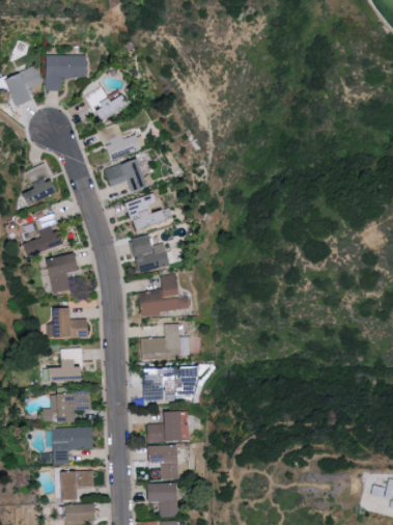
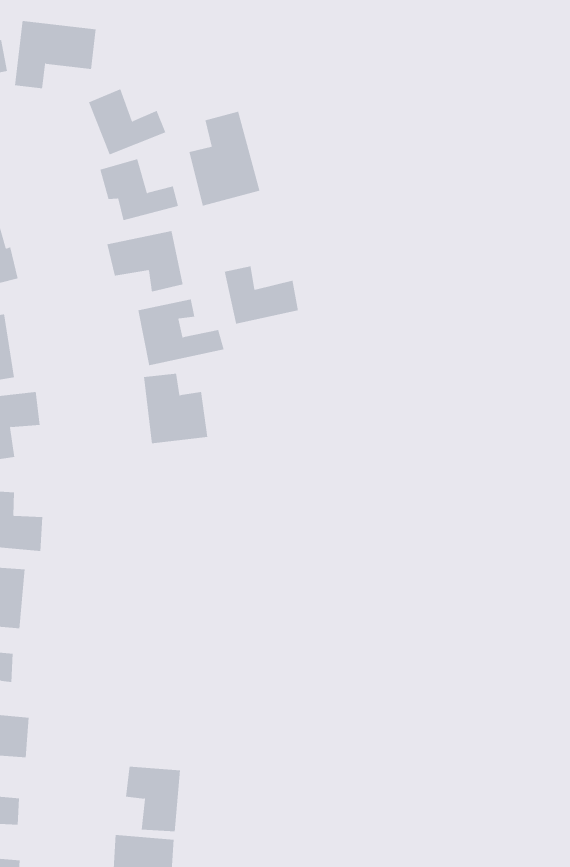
building: none -> [189,111,260,206]
building: none -> [224,266,299,324]
building: [140,274,189,313] -> none
building: [141,324,190,359] -> none
building: [142,367,197,400] -> none
building: [147,411,186,442] -> none

